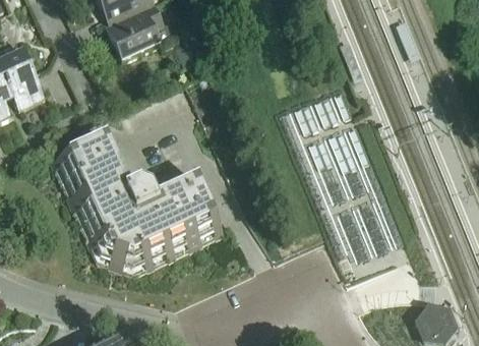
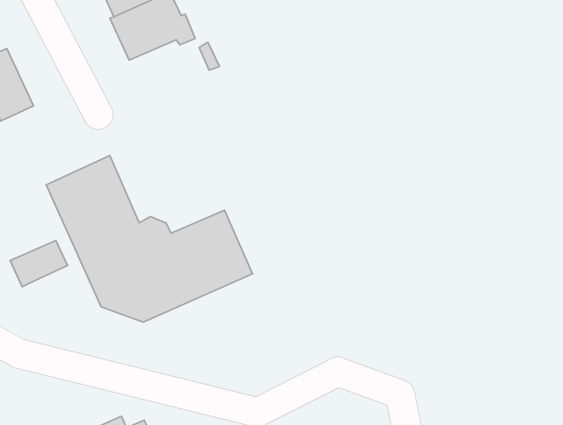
building: none -> [10,240,67,287]
building: [415,301,454,336] -> none

